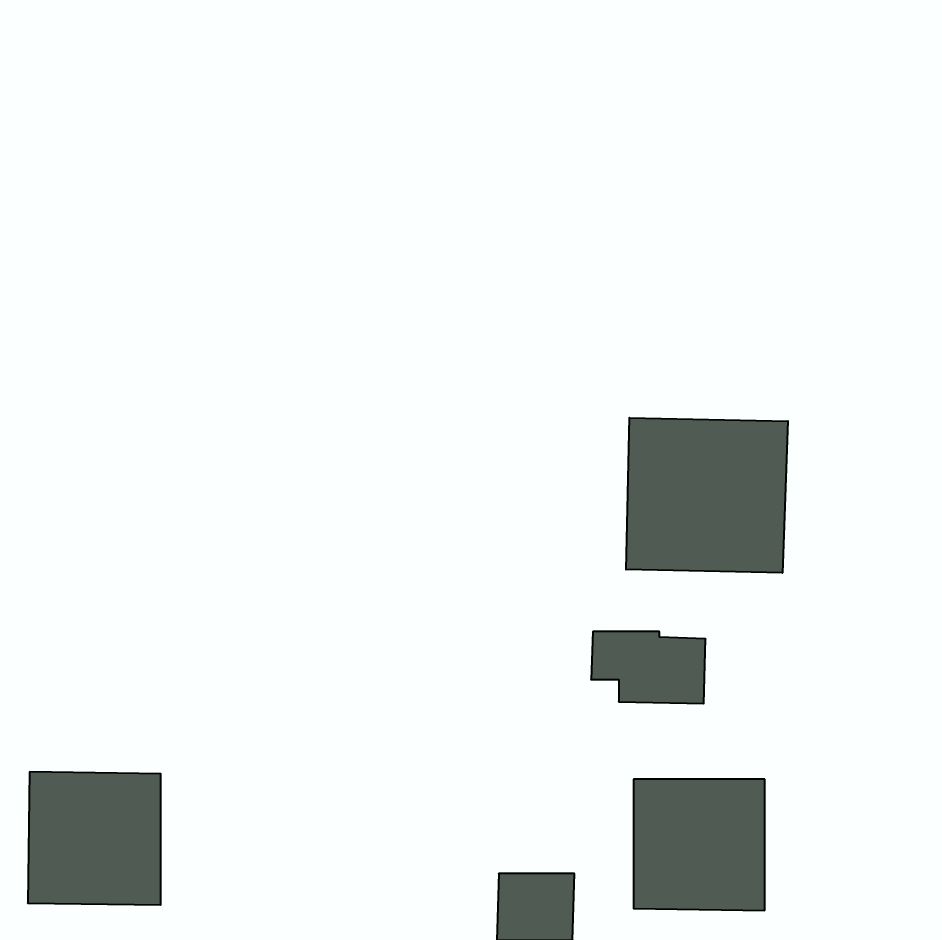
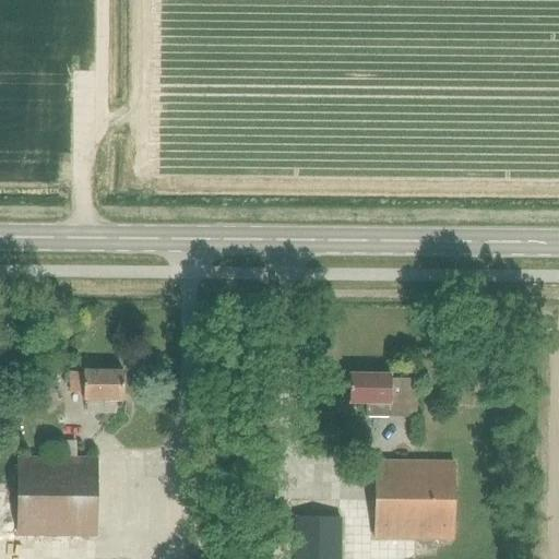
building: [626,418,788,573] -> none
building: none -> [70,370,123,399]

